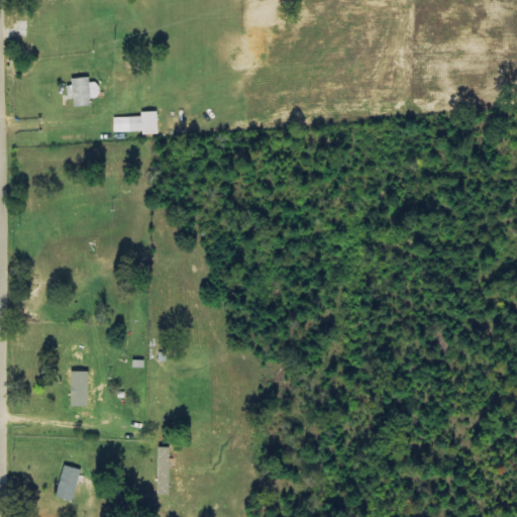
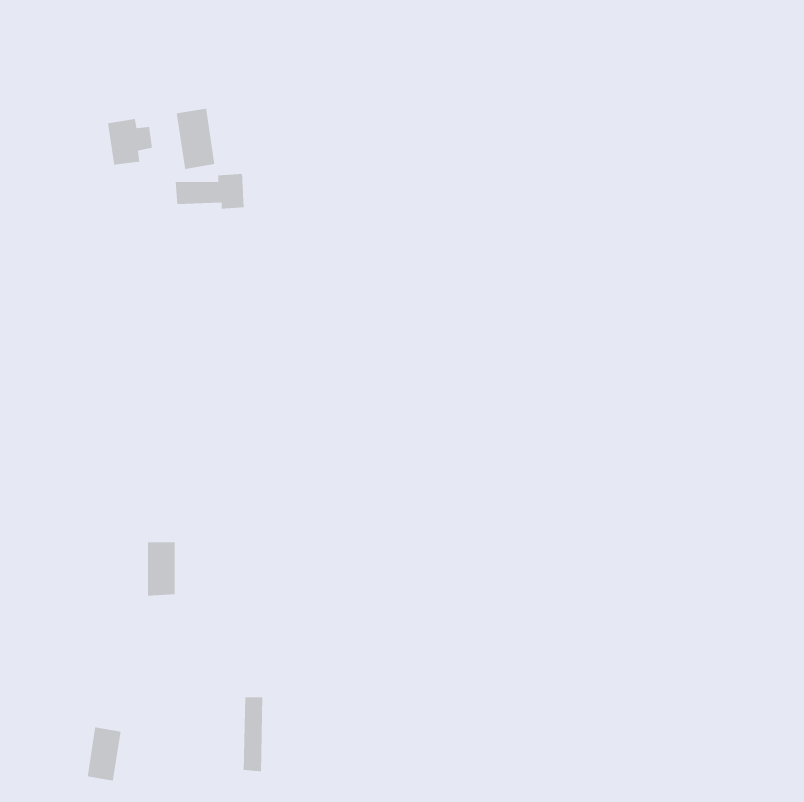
building: none -> [176,108,215,170]
building: [70,371,88,406] -> [147,541,175,597]

